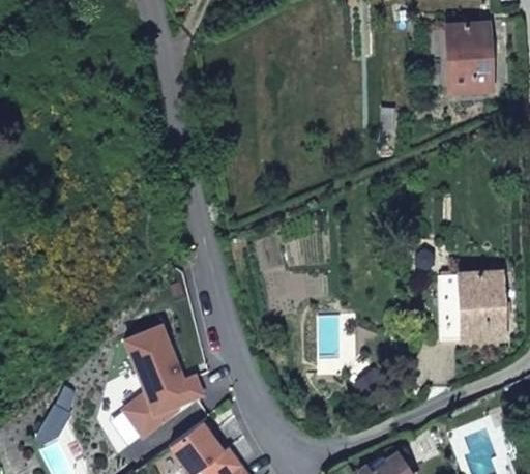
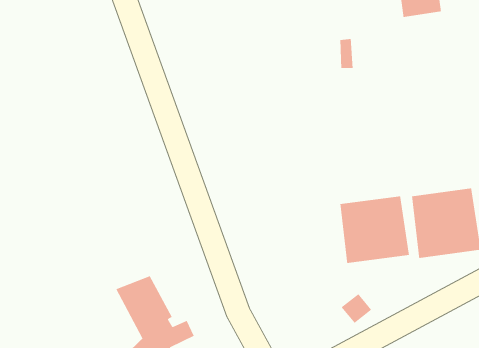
building: none -> [339,195,410,264]

